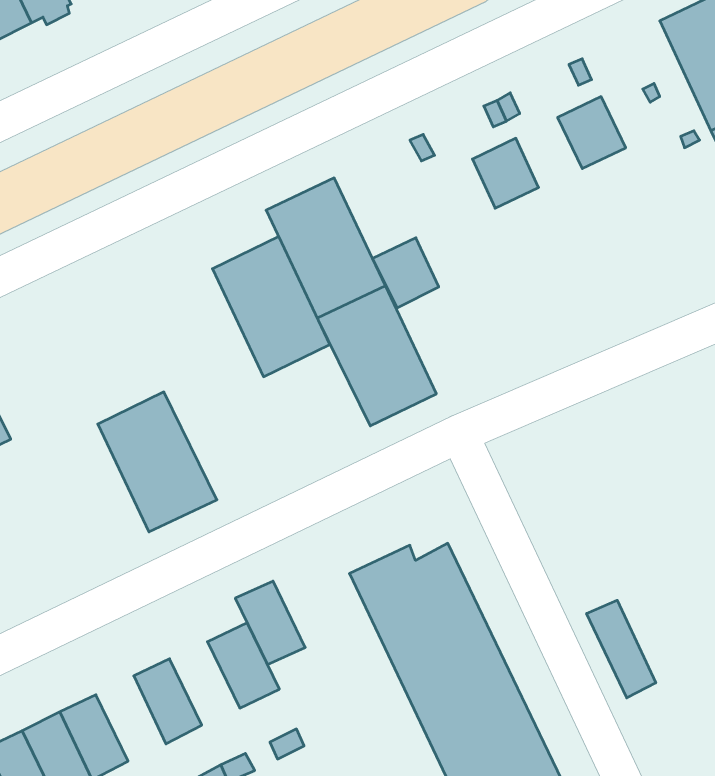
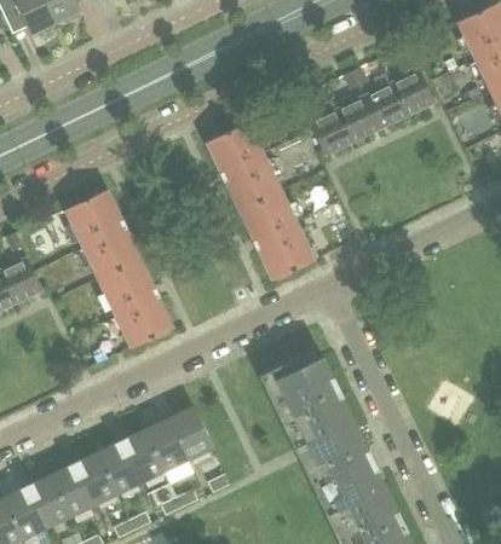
building: none -> [365,83,408,128]
building: [212,237,330,377] -> [65,190,140,279]
building: [372,238,439,308] -> [310,110,352,155]
building: [235,581,305,664] -> [144,418,189,471]
building: [587,600,656,698] -> none
building: none -> [97,440,142,494]

